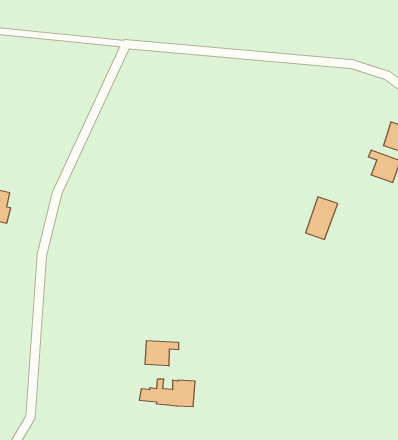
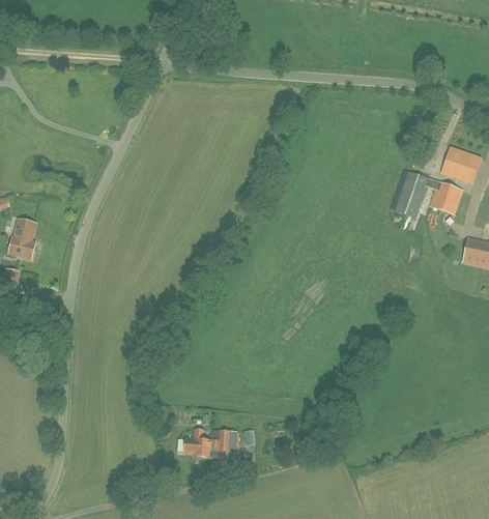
building: [306,197,338,239] -> [394,171,429,218]
building: [145,341,178,366] -> none

